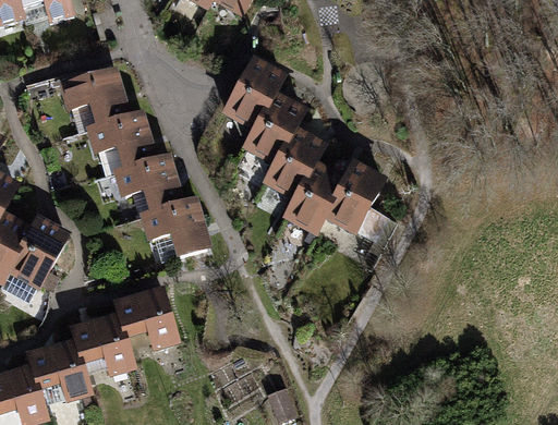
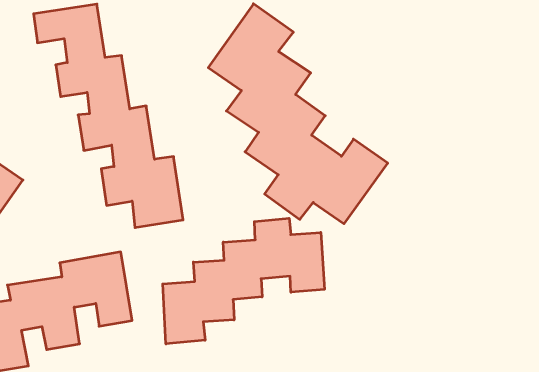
building: none -> [163,218,324,344]

